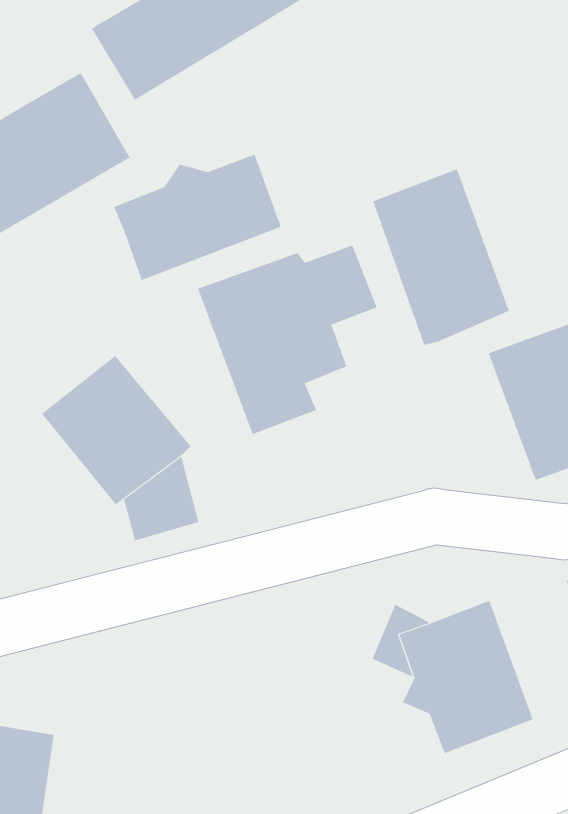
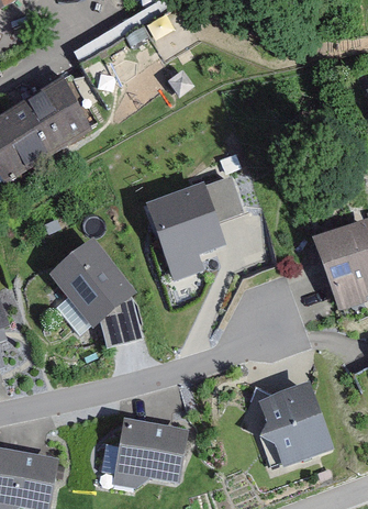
building: [114,154,282,281] -> none
building: [373,168,509,346] -> none
building: none -> [111,419,187,485]

